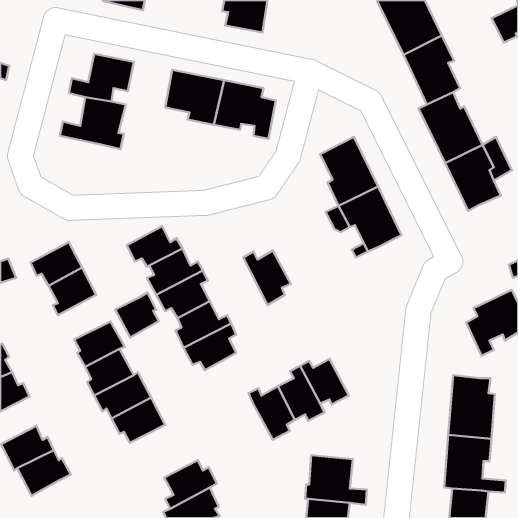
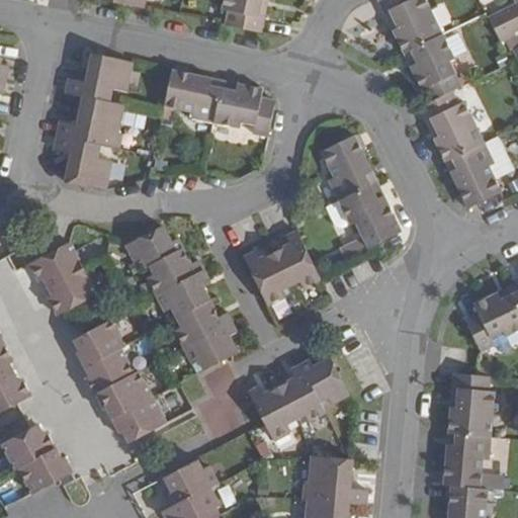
building: none -> [56,136,113,190]
building: none -> [272,229,320,284]
building: [115,293,159,338] -> none

